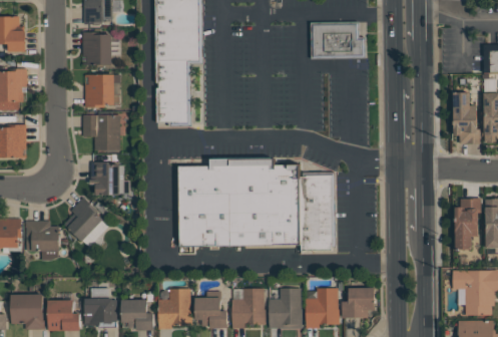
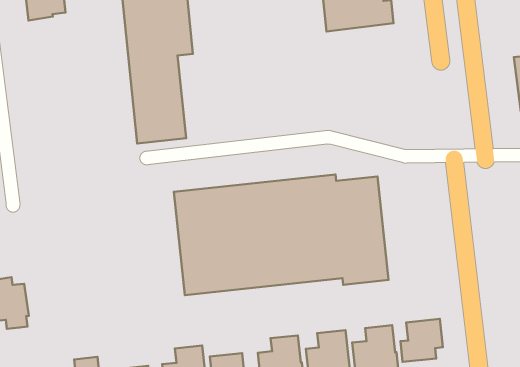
building: [81,31,110,64] -> none
building: [84,74,119,106] -> none
building: [82,114,119,149] -> none
building: [89,161,123,195] -> none
building: [63,197,102,241] -> none

